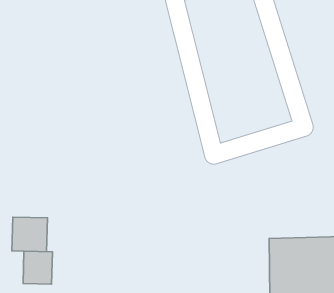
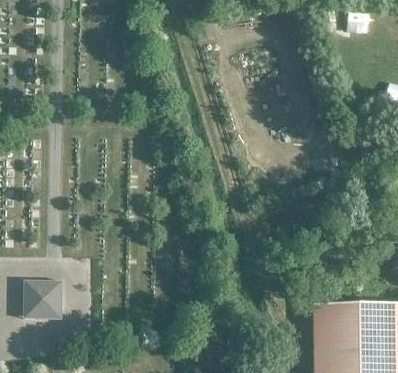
building: [23,251,52,284] -> none

